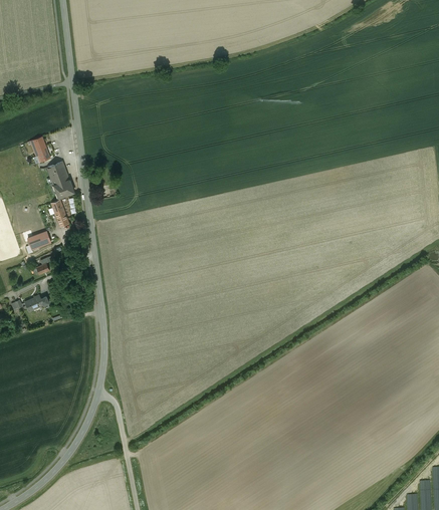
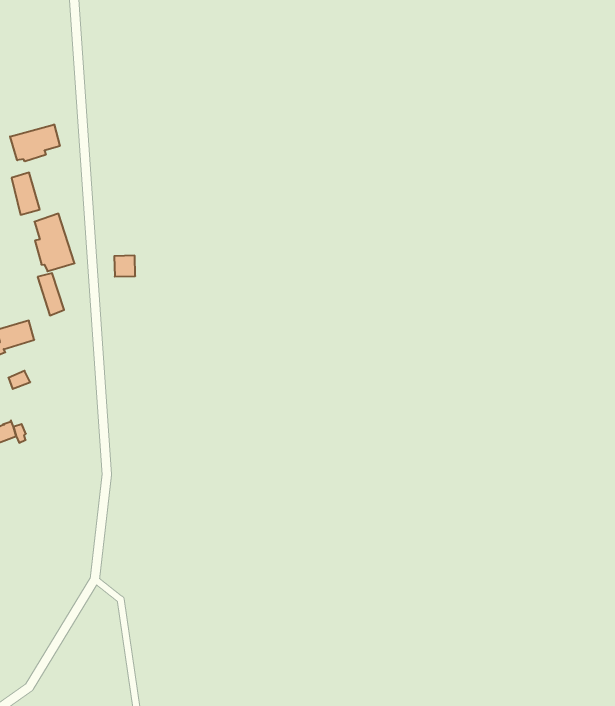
building: none -> [10,124,60,161]

